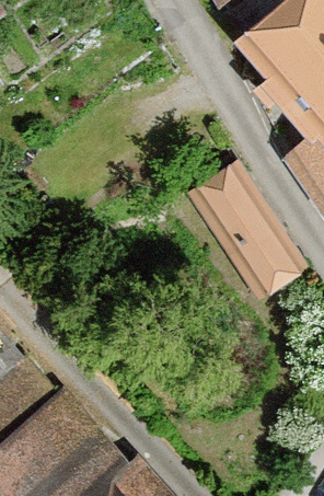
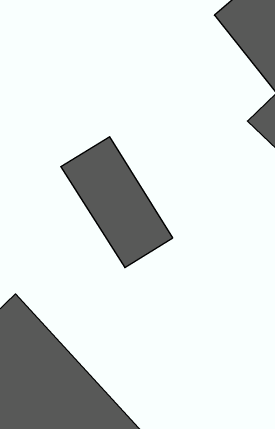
building: [175,146,298,289] -> [61,137,173,268]

